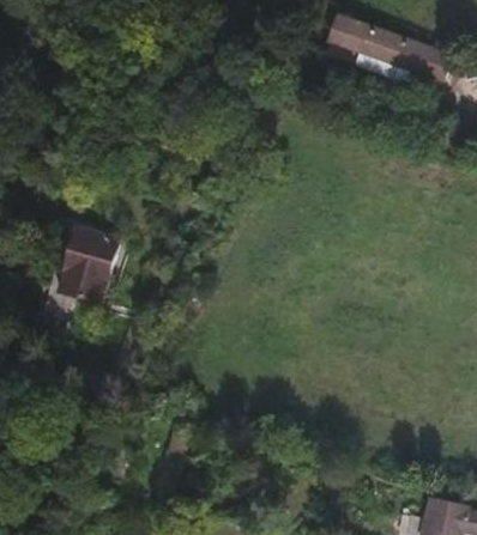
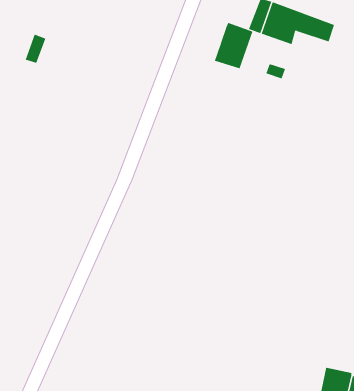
building: none -> [214,22,253,69]
building: [52,241,111,315] -> none

